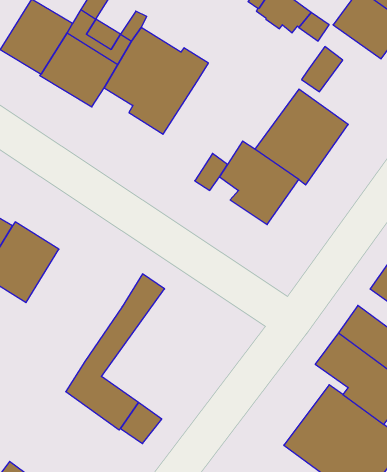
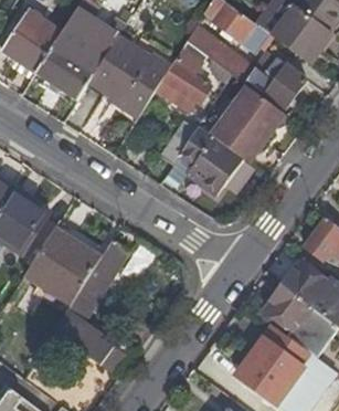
building: none -> [186,21,251,83]
building: none -> [162,51,212,103]
building: none -> [261,62,306,107]
building: none -> [28,232,102,305]

